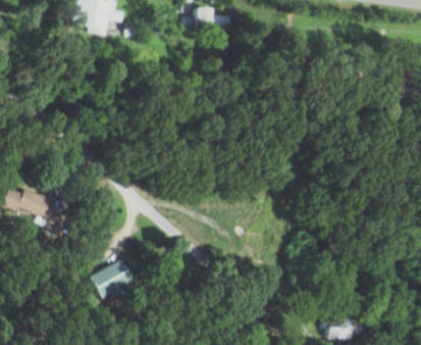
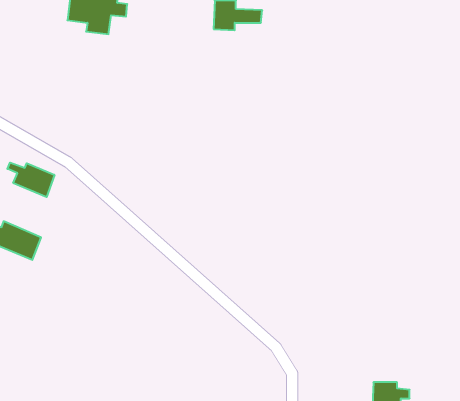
building: none -> [7,163,54,197]
building: [88,260,130,298] -> none

